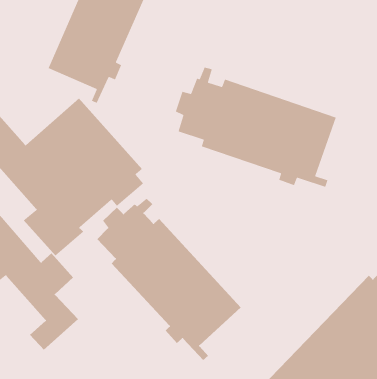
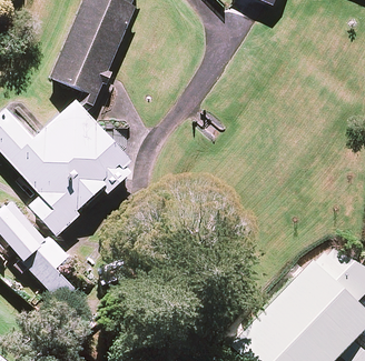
building: [175,66,337,188] -> none
building: [97,198,242,361] -> none

